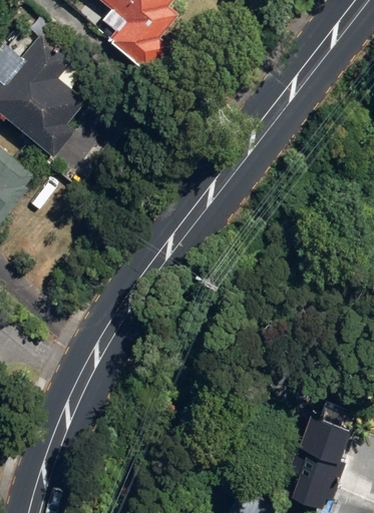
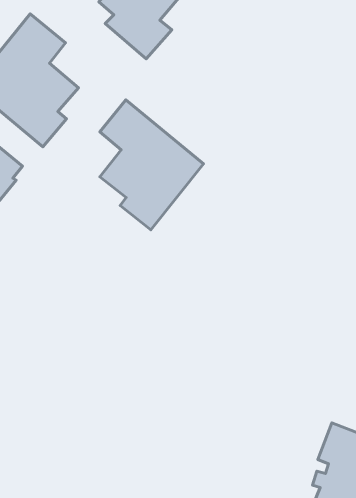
building: none -> [100,100,203,230]

